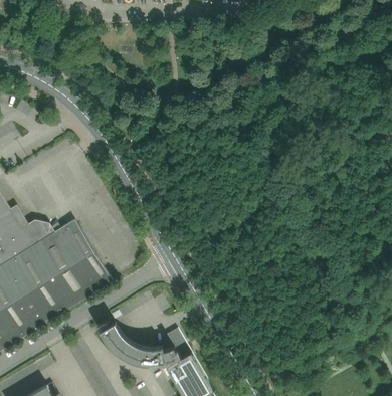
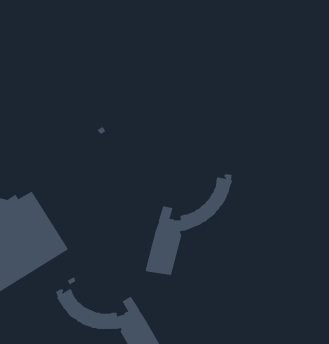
building: none -> [145,173,233,276]

